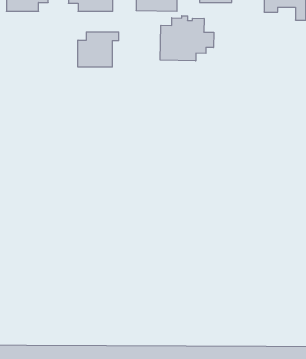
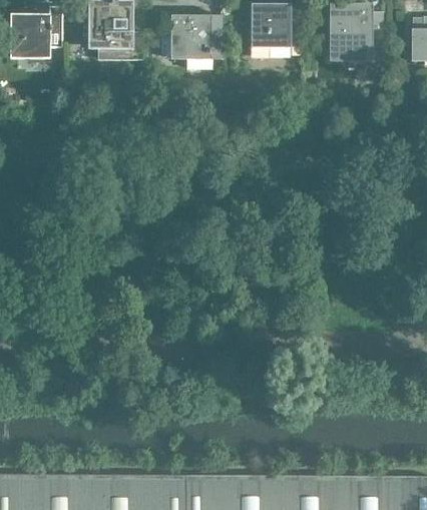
building: [160,16,214,61] -> none
building: [78,32,119,67] -> none

